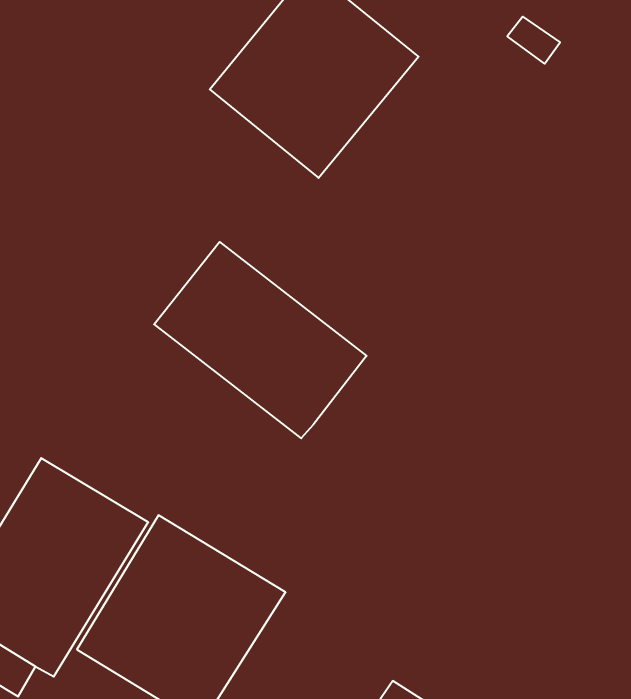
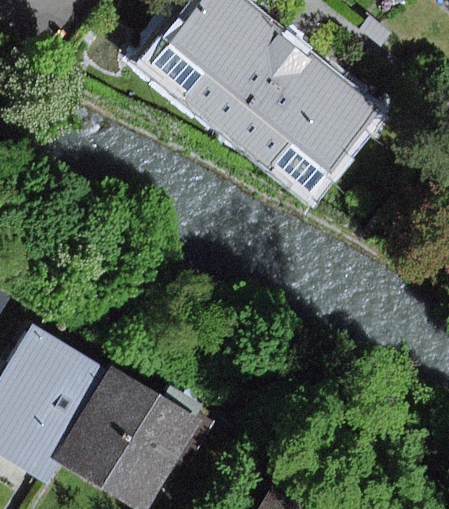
building: none -> [225,44,379,198]
building: [154,242,367,438] -> none

